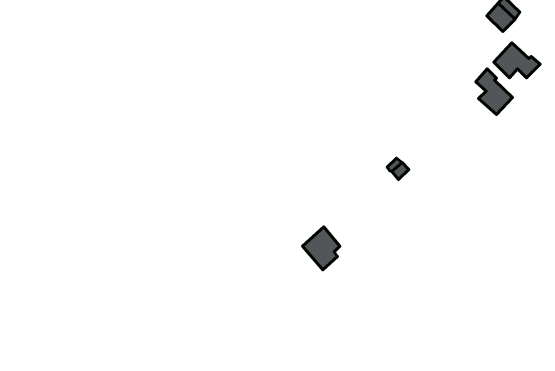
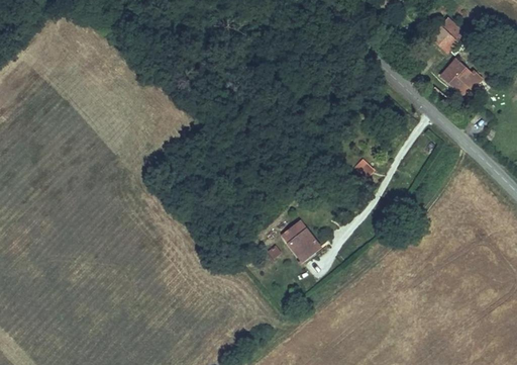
building: [476,69,513,115] -> none

